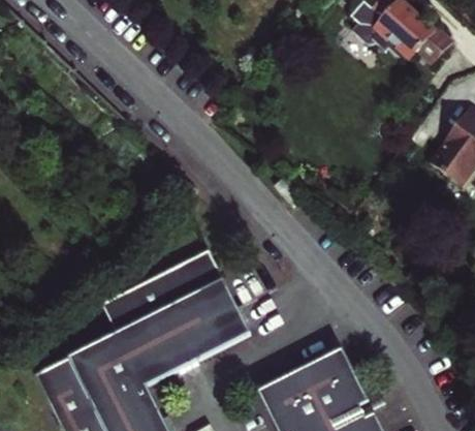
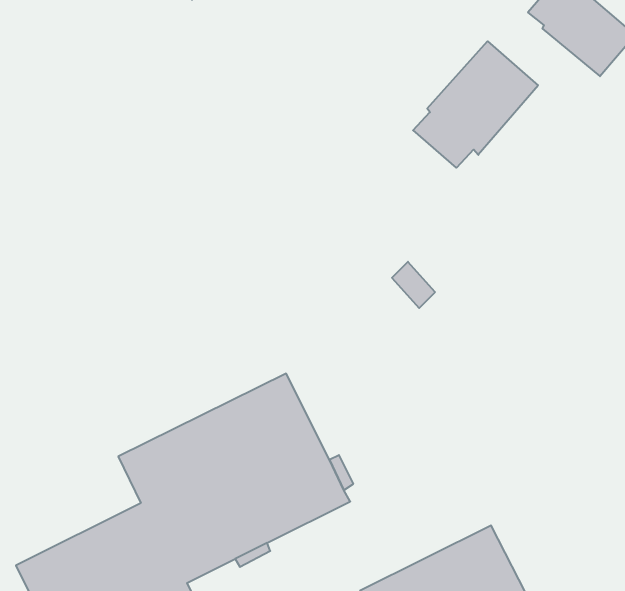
building: none -> [413,41,538,168]

